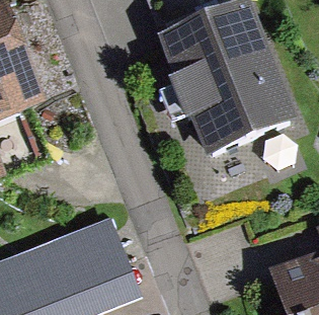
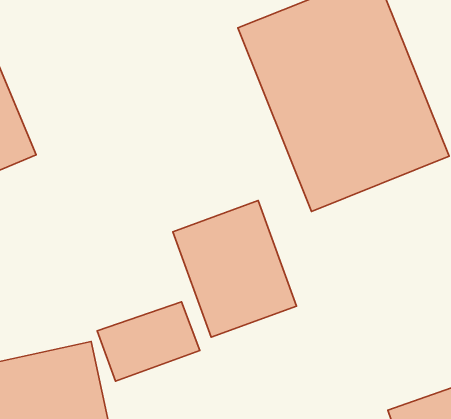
building: none -> [173,201,297,337]

